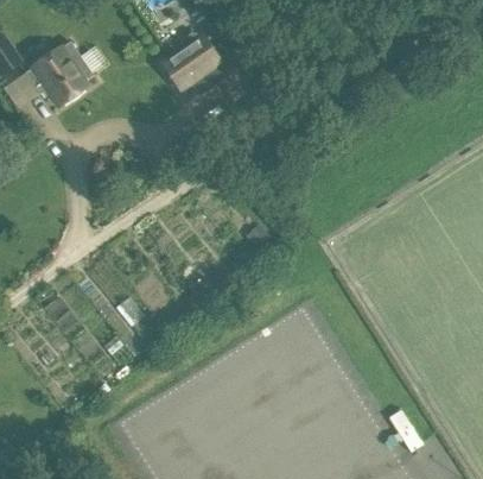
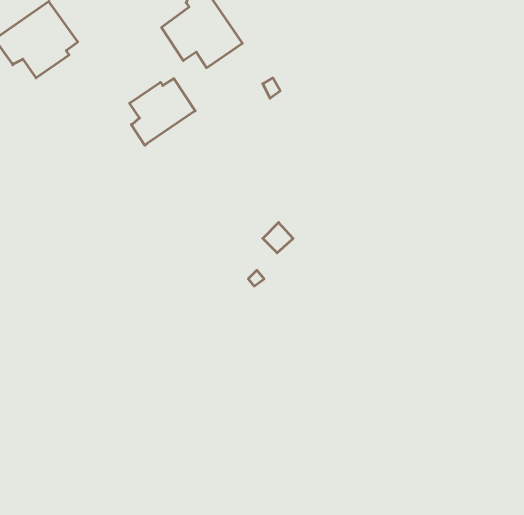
building: none -> [130,79,195,145]

